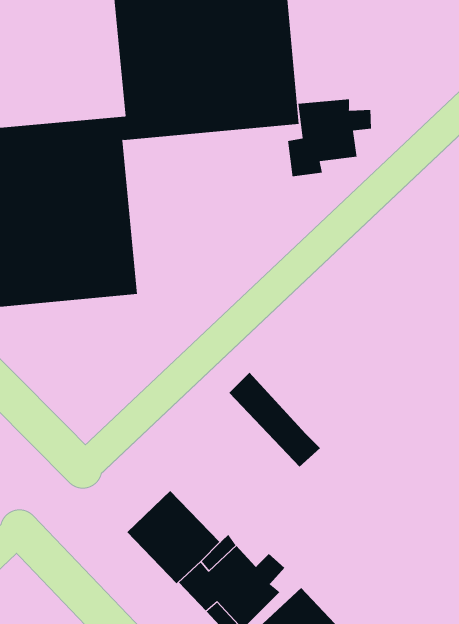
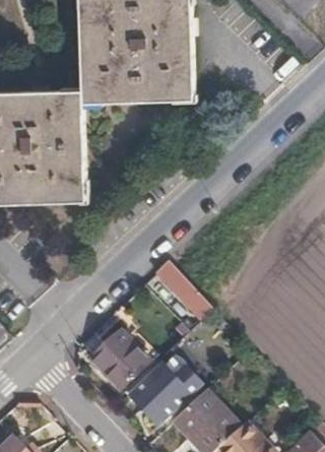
building: [288,98,372,177] -> none

